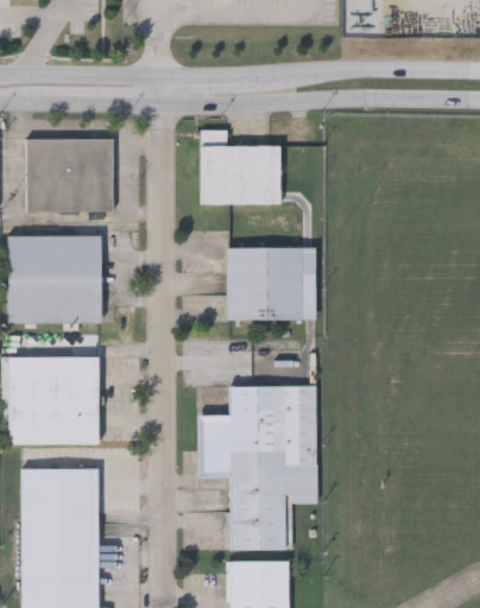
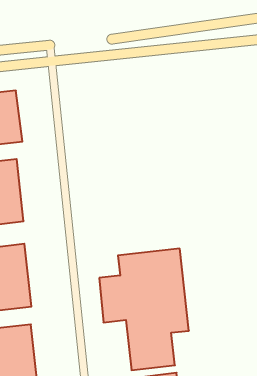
building: [202,129,282,205] -> none
building: [227,247,304,322] -> none

